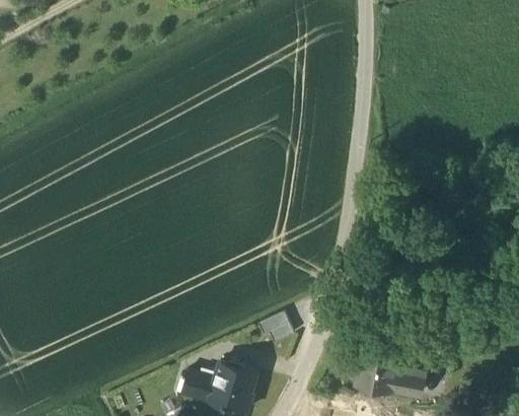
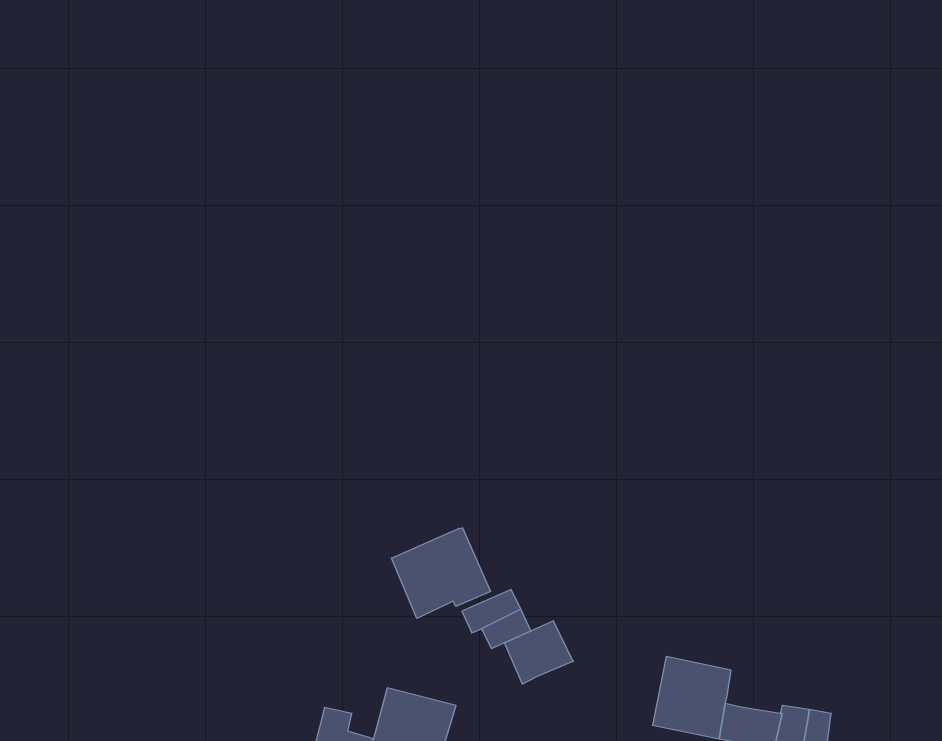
building: none -> [391,528,491,618]
building: none -> [504,621,573,684]

